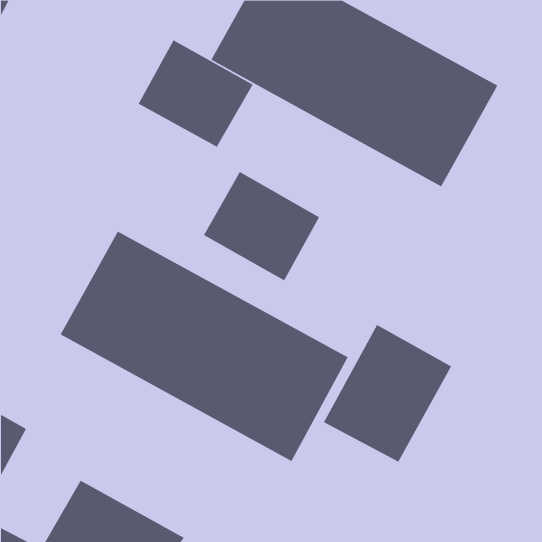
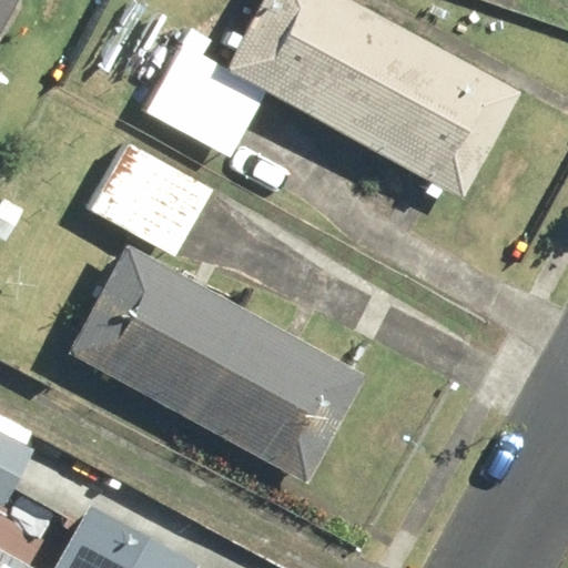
building: [203,171,320,281] -> [91,143,212,257]
building: [323,324,452,462] -> none

